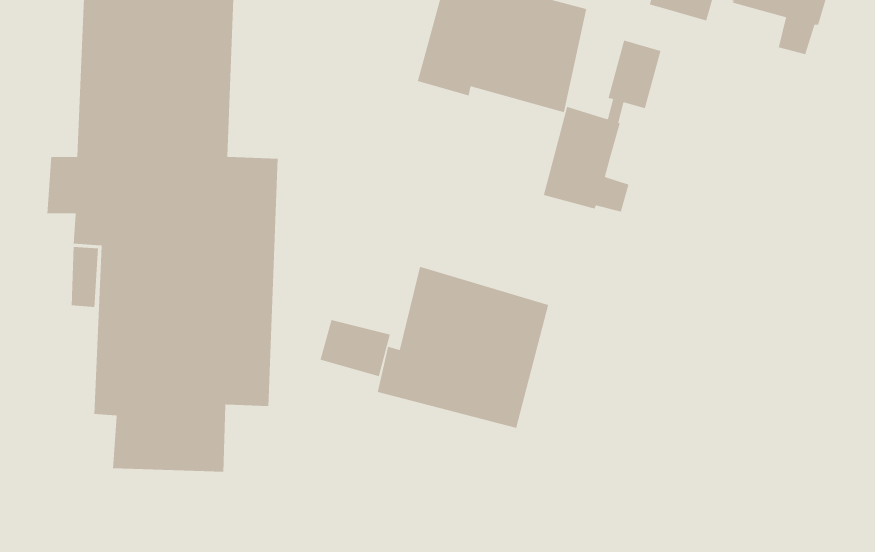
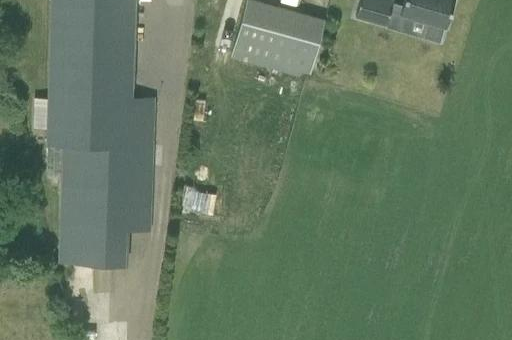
building: [543,39,662,212] -> none
building: [377,266,549,429] -> none

